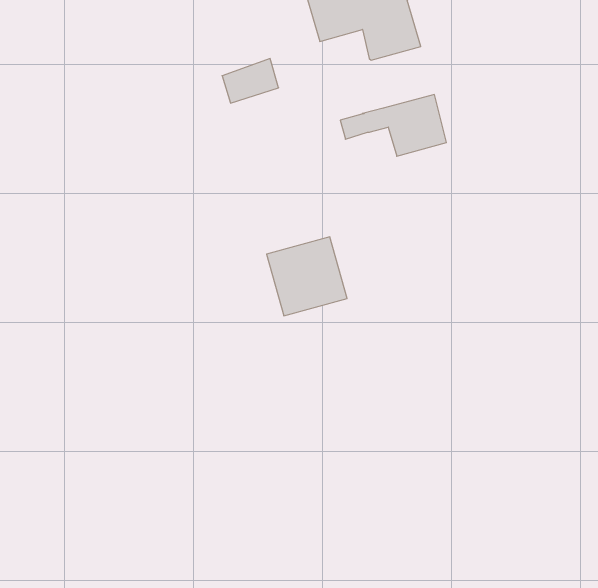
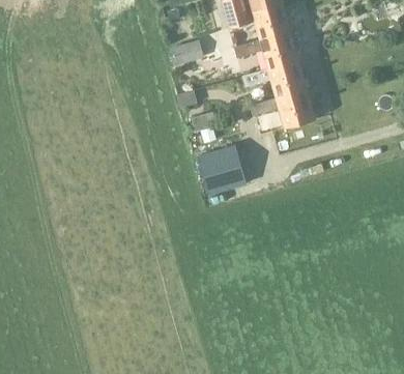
building: none -> [233,30,298,67]
building: none -> [250,88,315,126]

